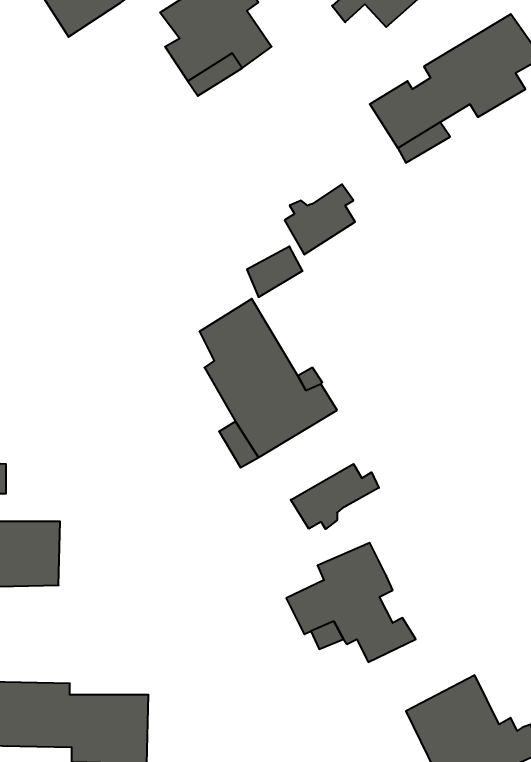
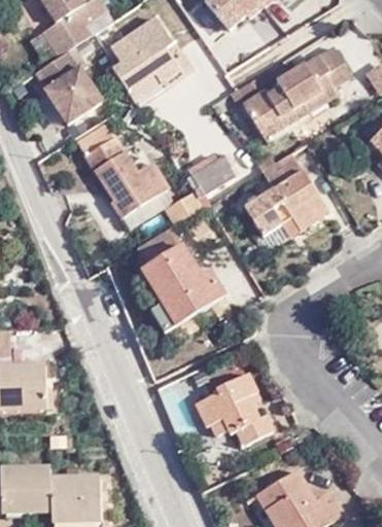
building: none -> [30,56,96,128]
building: none -> [72,121,161,215]
building: none -> [248,152,335,235]
building: [291,464,379,529] -> none

